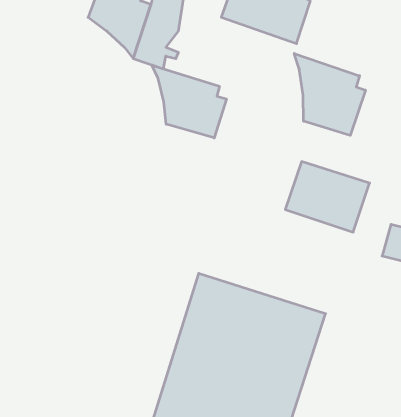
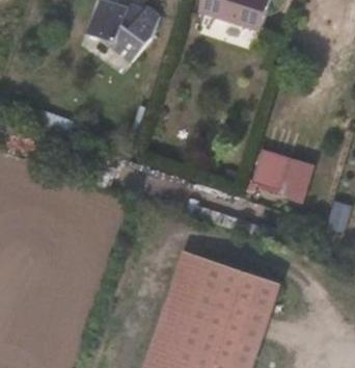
building: [294,53,365,135] -> none
building: [152,65,226,138] -> none

